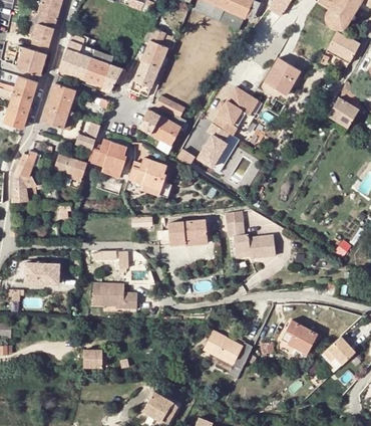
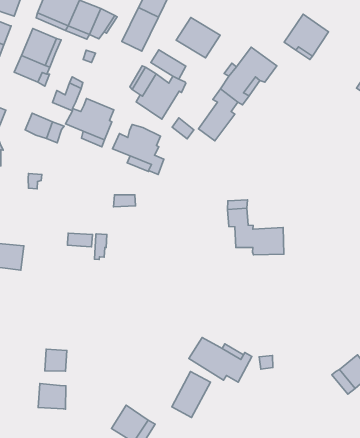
building: none -> [176,17,220,58]
building: [156,219,206,246] -> none
building: [93,283,136,309] -> none
building: [280,320,317,354] -> none
building: none -> [172,372,210,417]
building: none -> [38,384,66,409]

